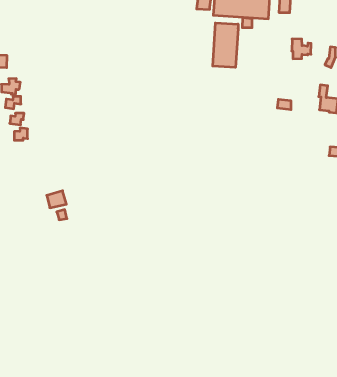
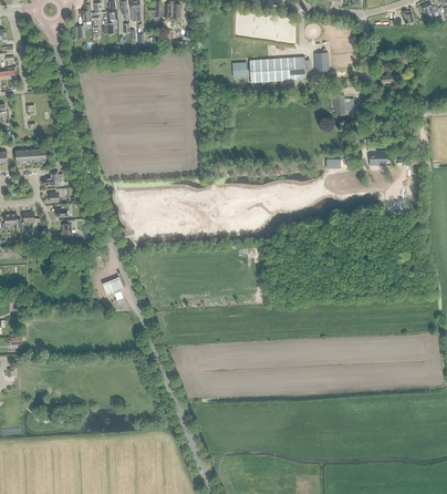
building: [213,23,238,67] -> none

